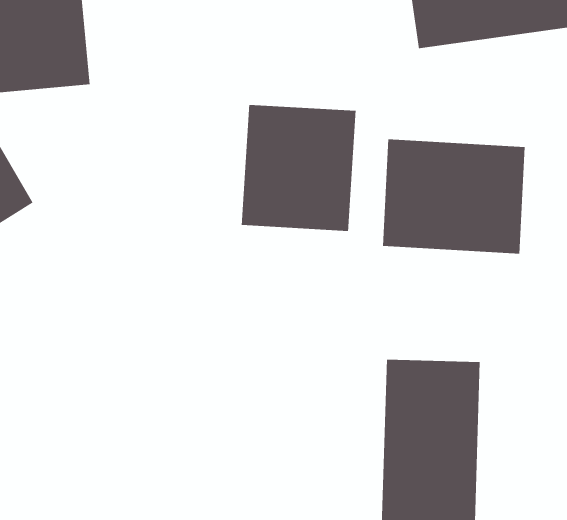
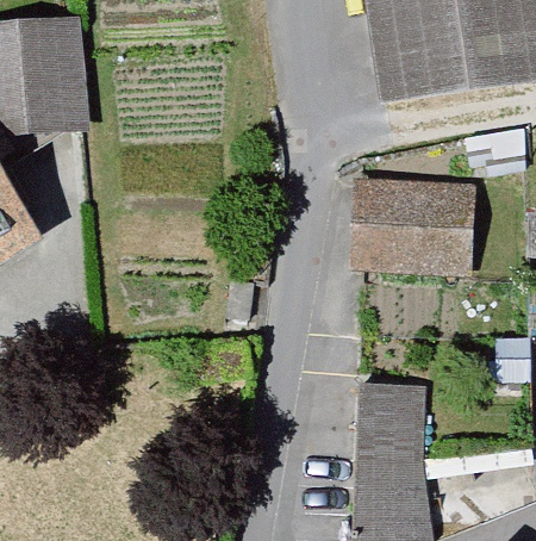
building: [241,104,356,232] -> none

